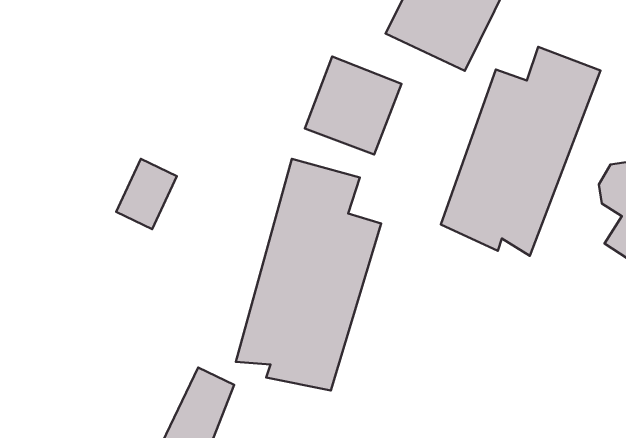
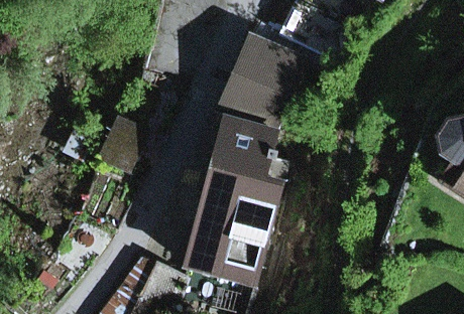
building: [441,47,600,256] -> none

